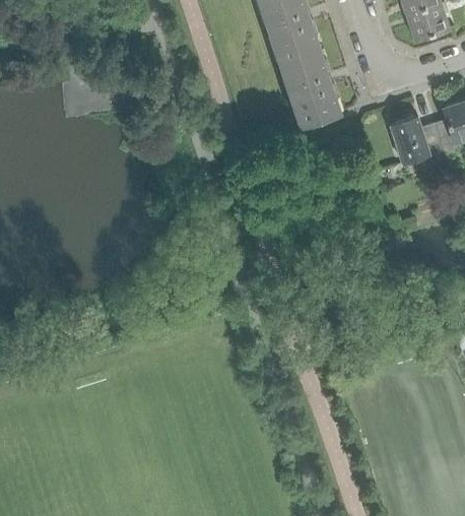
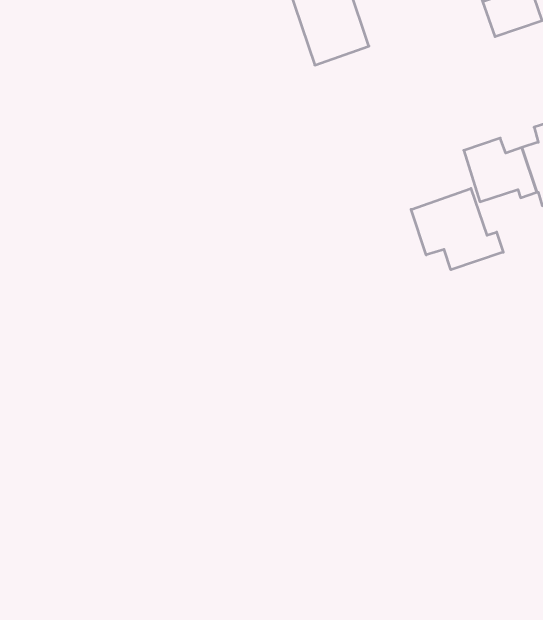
building: [278,46,340,124] -> none
building: none -> [411,188,503,270]

